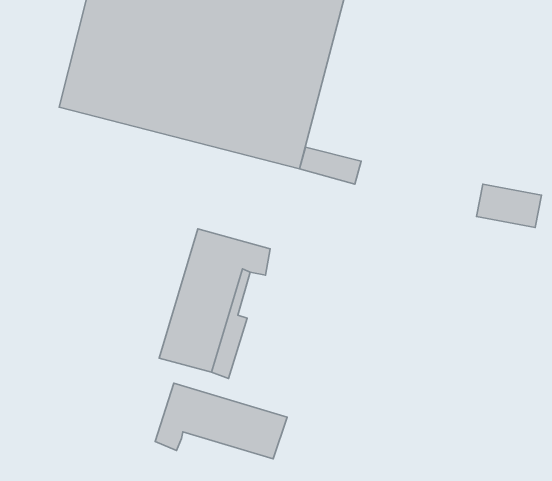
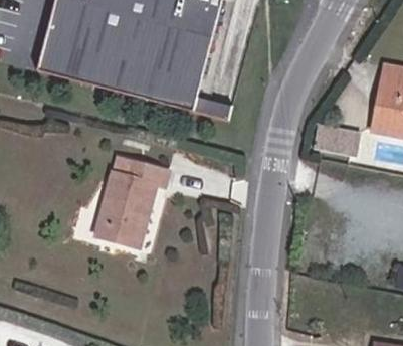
building: [155,383,287,459] -> none

